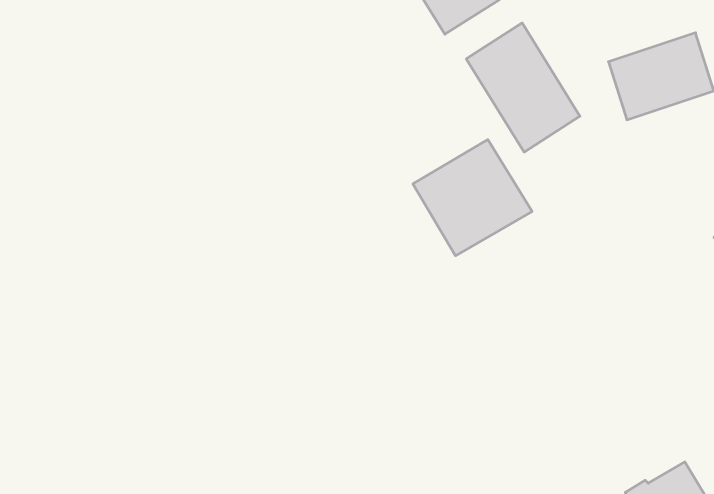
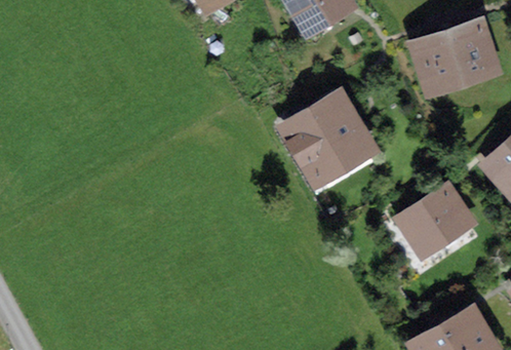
building: [466,23,580,152] -> none
building: none -> [403,189,466,247]

